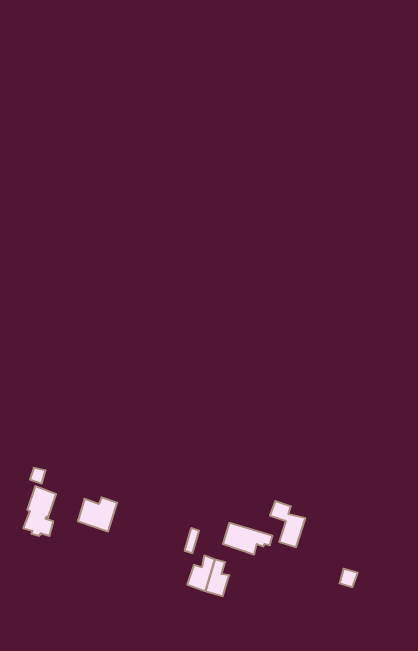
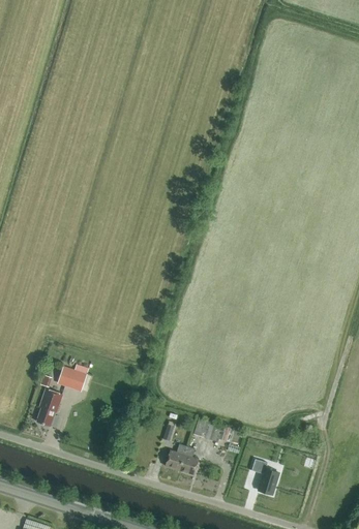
building: [78,497,117,532] -> [58,365,89,392]
building: [270,501,305,547] -> [251,459,279,495]

